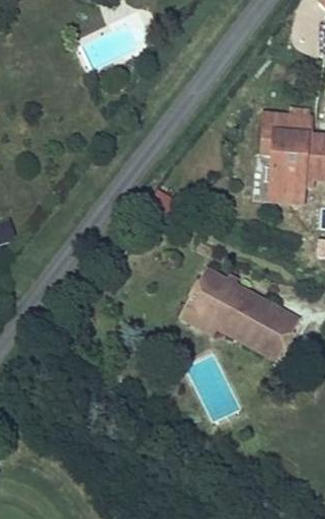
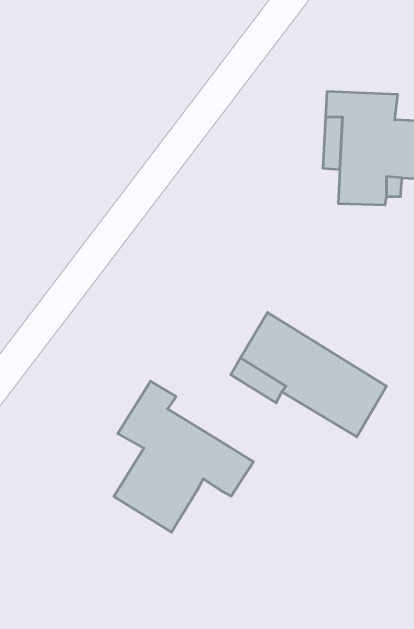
building: none -> [114,381,253,532]

